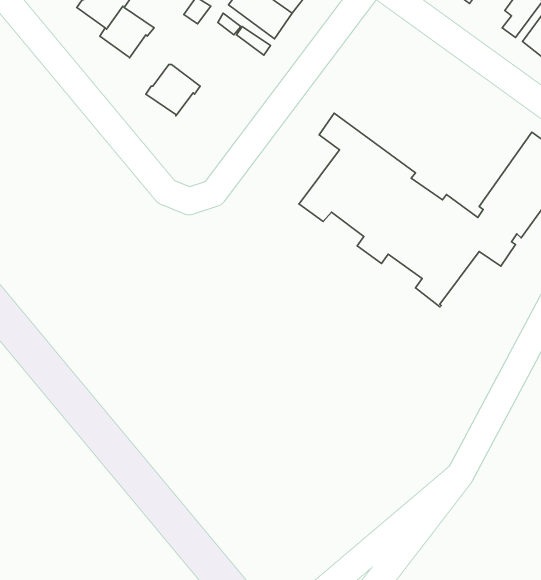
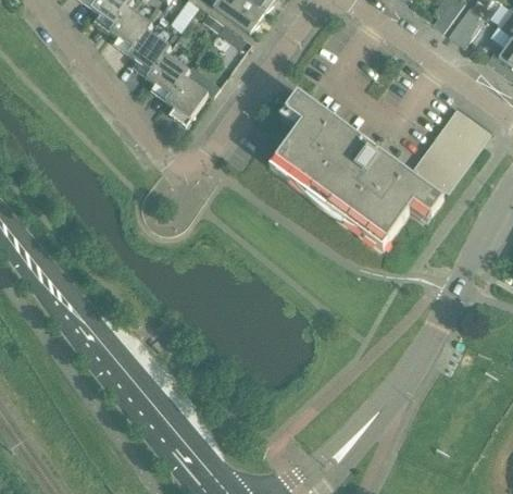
building: none -> [128,28,172,70]
building: none -> [165,65,221,118]

